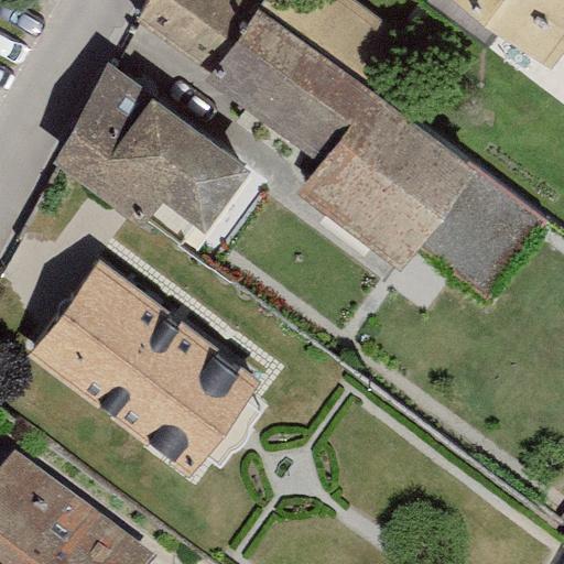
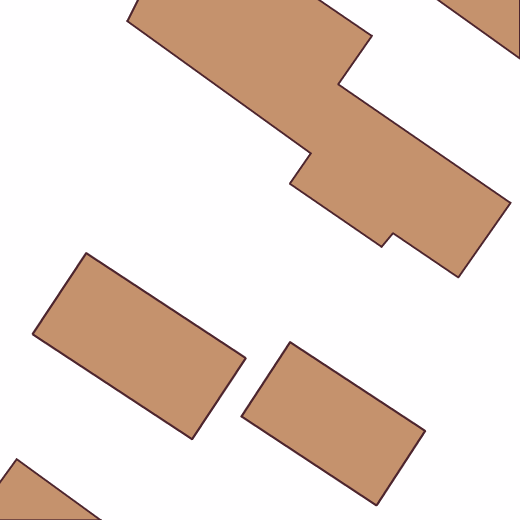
building: [63,76,254,247] -> none
building: none -> [241,342,425,505]

